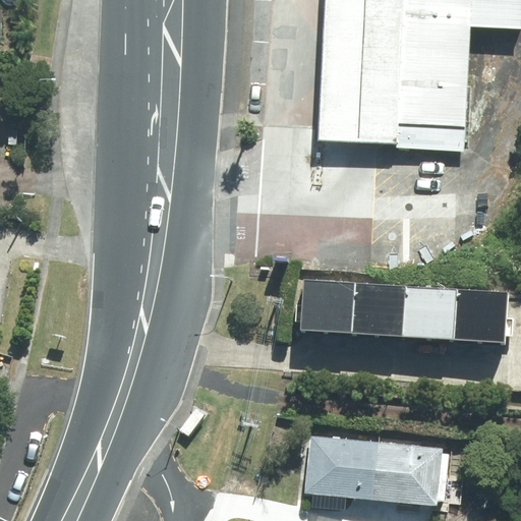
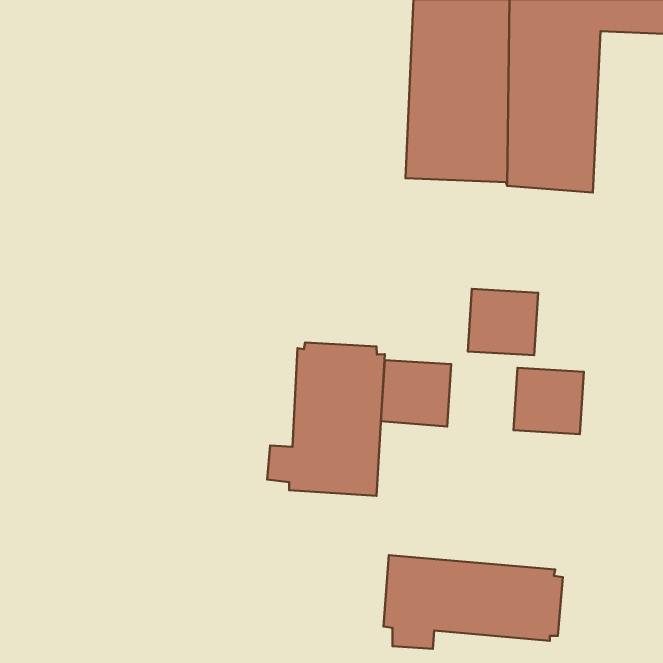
building: none -> [267,342,385,496]
building: [351,285,406,337] -> [468,289,538,355]
building: [455,291,510,343] -> none

